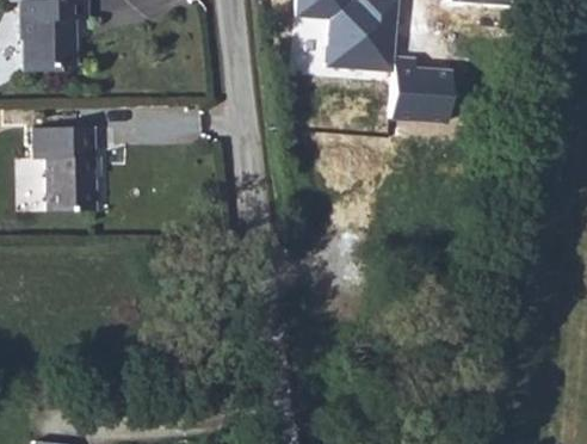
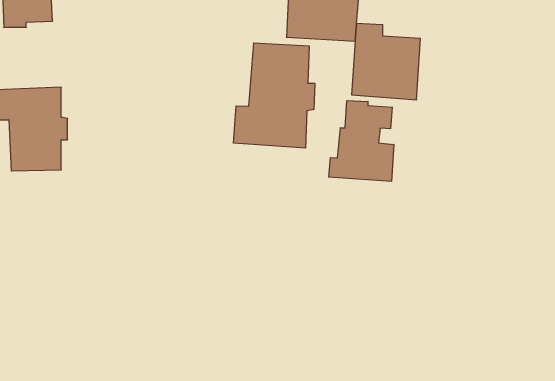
building: none -> [234,43,315,148]
building: none -> [329,101,394,181]

